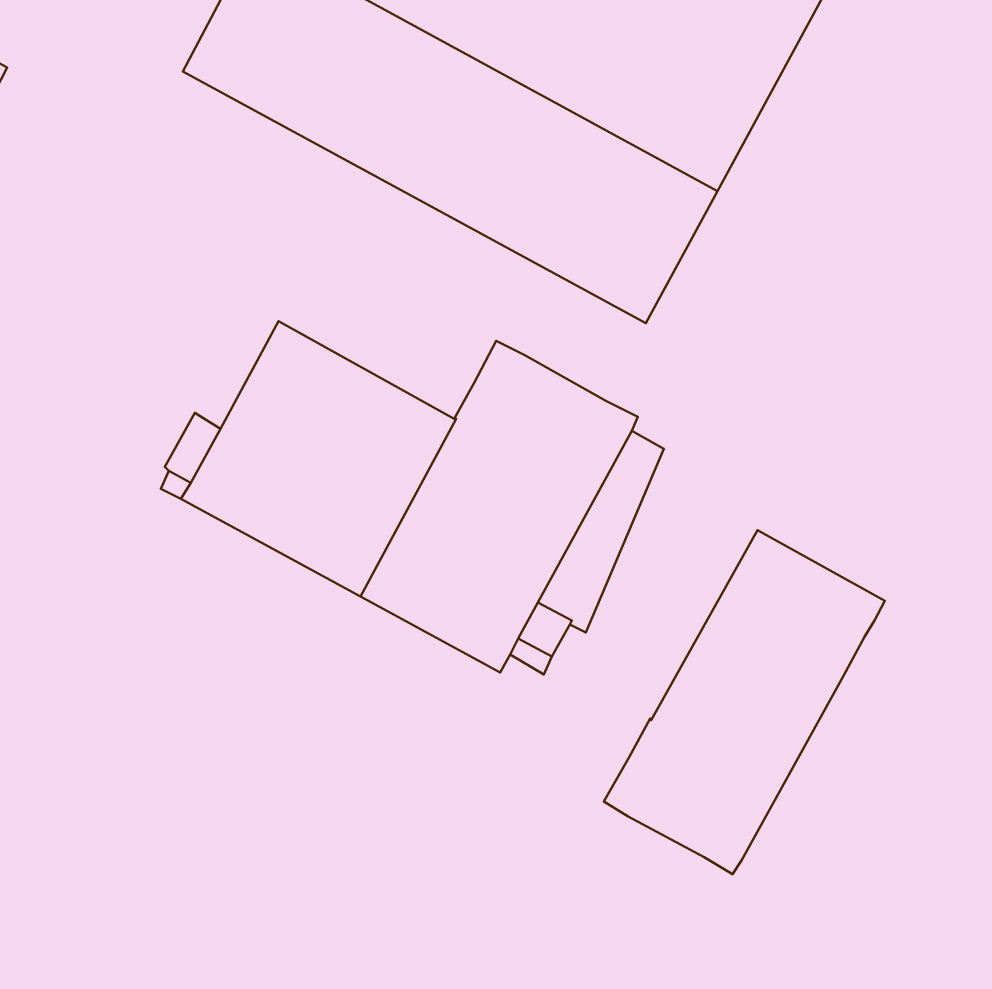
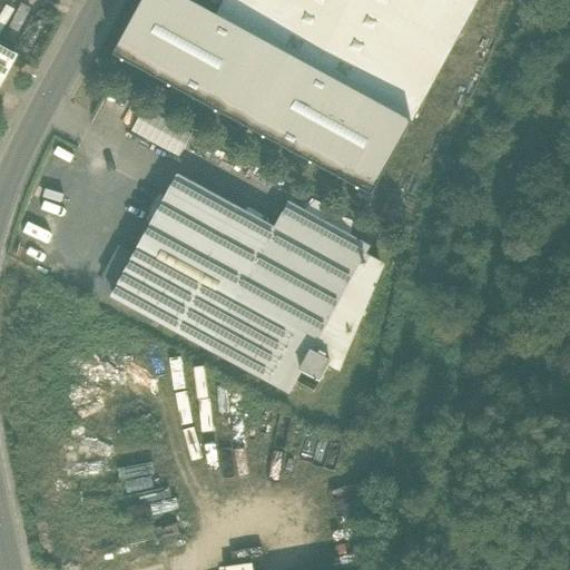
building: none -> [165,173,274,246]
building: [604,530,885,874] -> none

